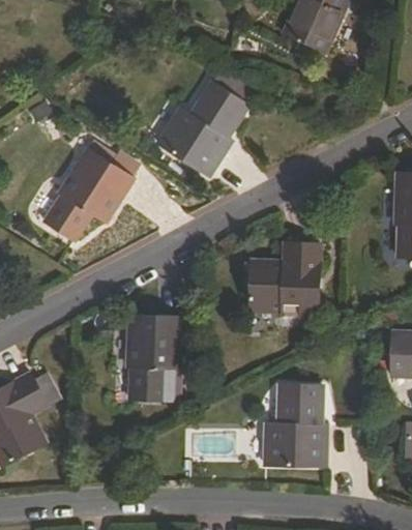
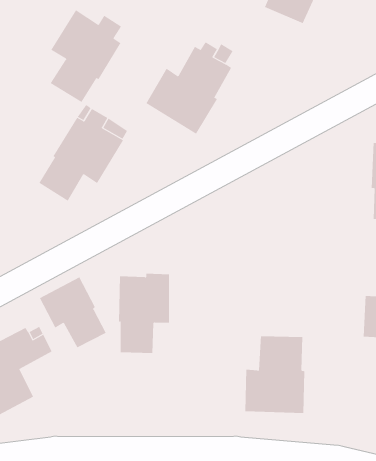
building: none -> [50,10,122,103]
building: [249,242,320,316] -> none
building: none -> [39,276,106,348]

